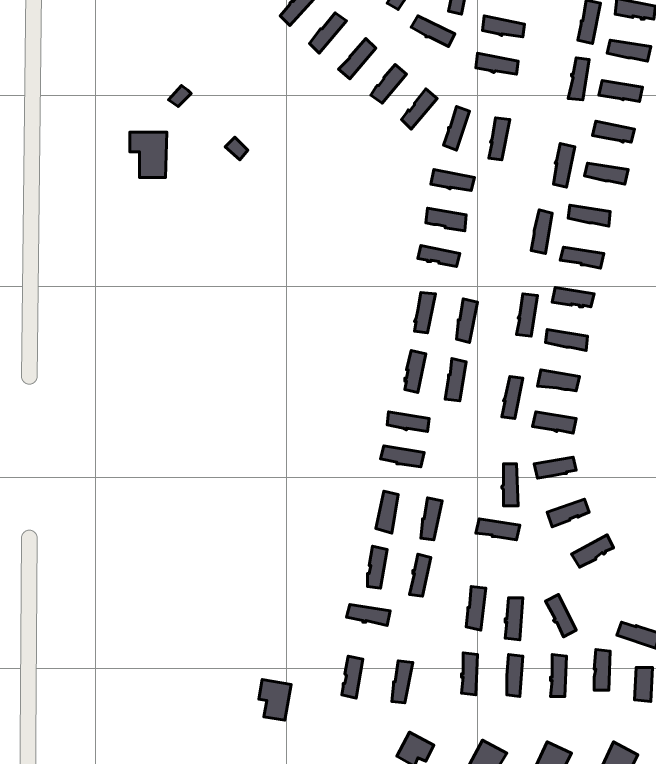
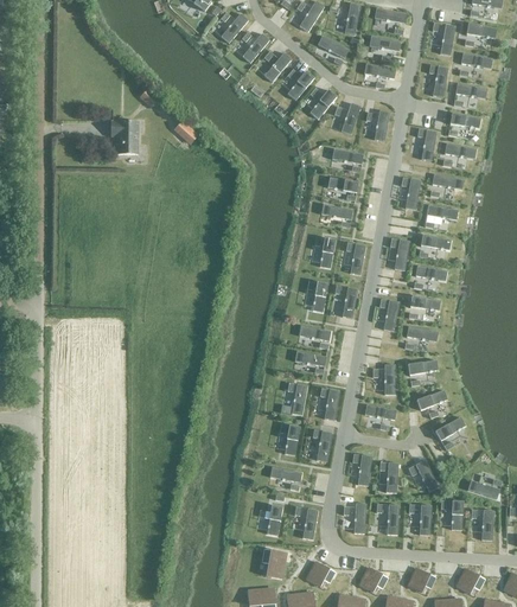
building: [259,680,291,720] -> [261,548,285,577]

